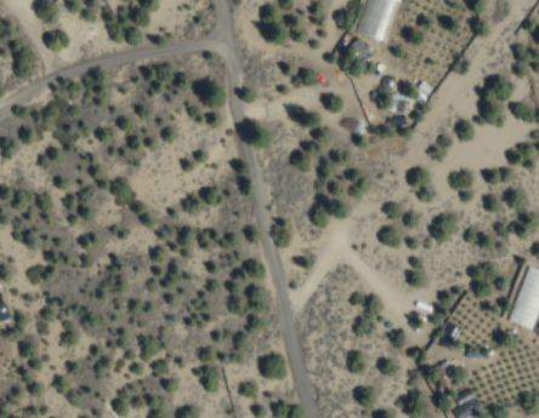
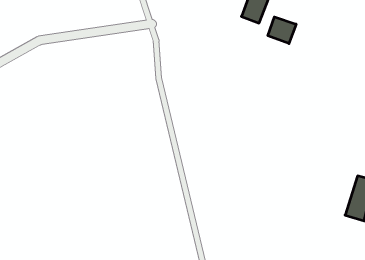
building: none -> [268,17,296,44]

